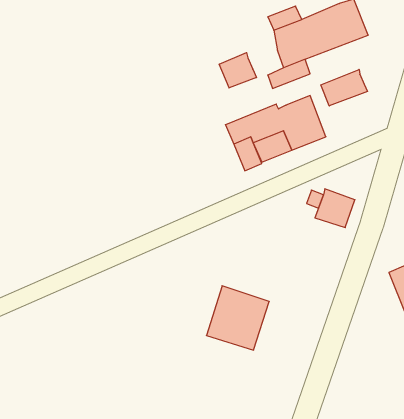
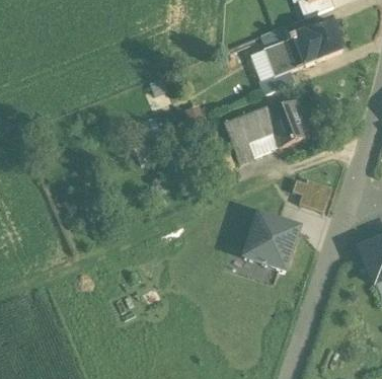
building: [219,53,256,88] -> none
building: [321,69,368,106] -> none
building: [206,286,269,350] -> [244,216,297,270]

